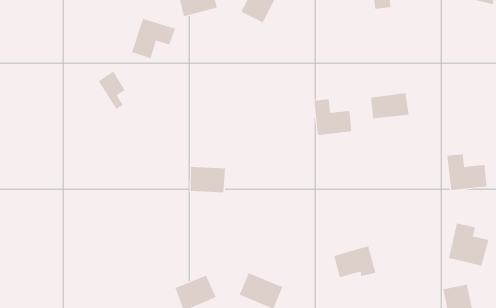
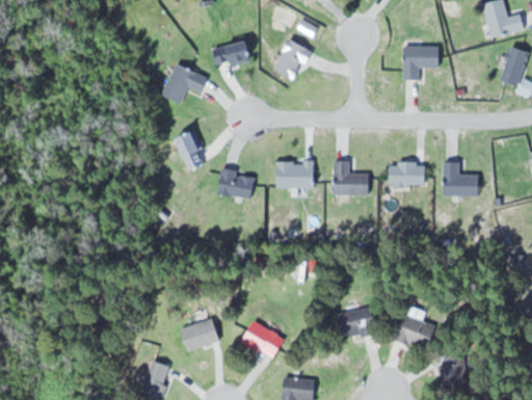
building: [98,71,126,109] -> [175,132,201,169]
building: none -> [275,162,314,188]
building: [447,154,488,191] -> [443,162,479,196]
building: [190,167,226,193] -> [217,170,255,199]
building: [448,223,489,266] -> [395,306,436,351]

